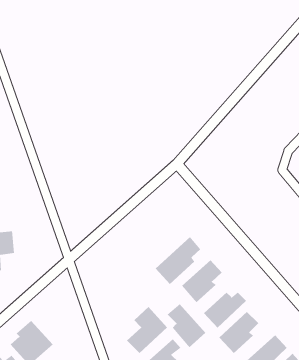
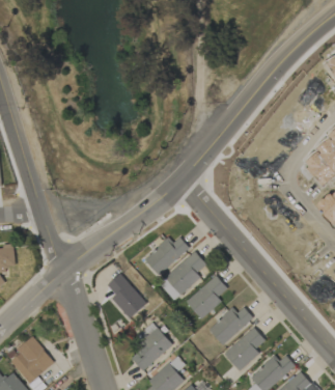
building: none -> [145,236,190,276]
building: [167,303,206,348] -> [107,274,147,319]

